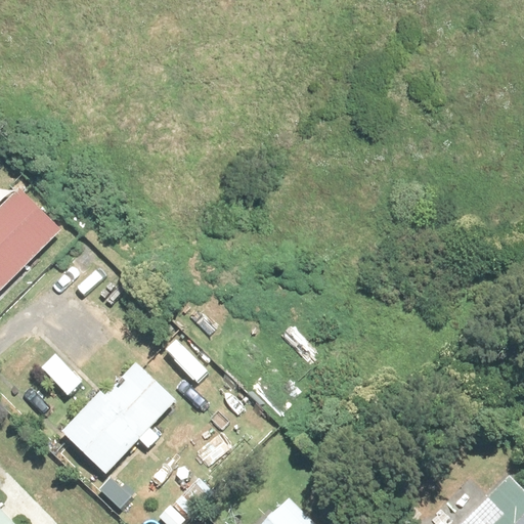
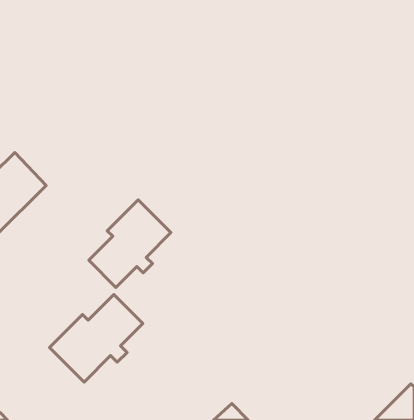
building: none -> [89,200,171,288]

